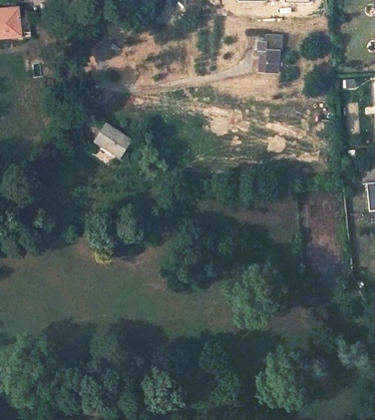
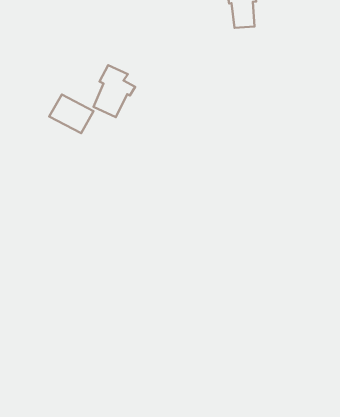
building: none -> [93,65,135,117]

